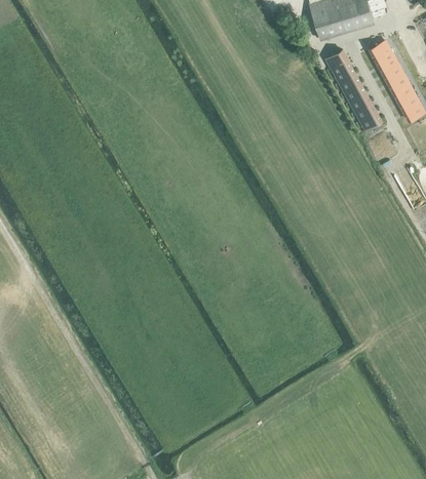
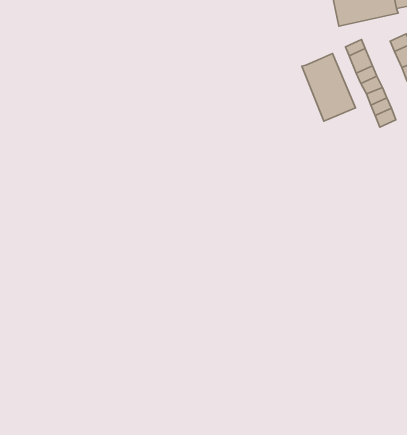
building: none -> [302,54,355,121]

